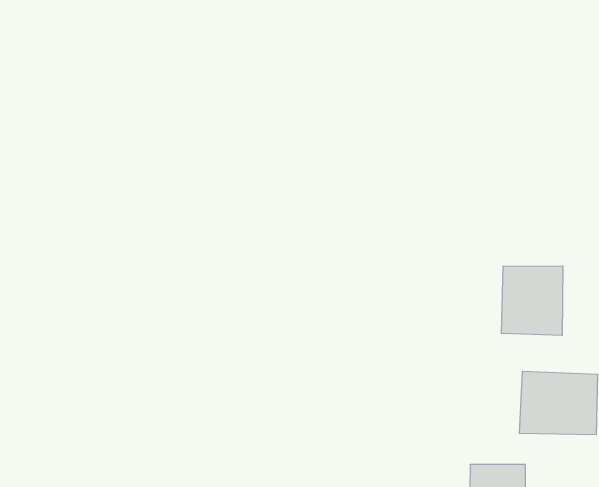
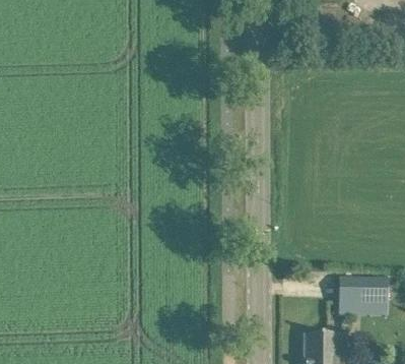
building: [501,266,563,336] -> none

